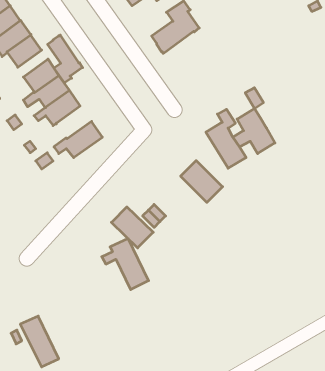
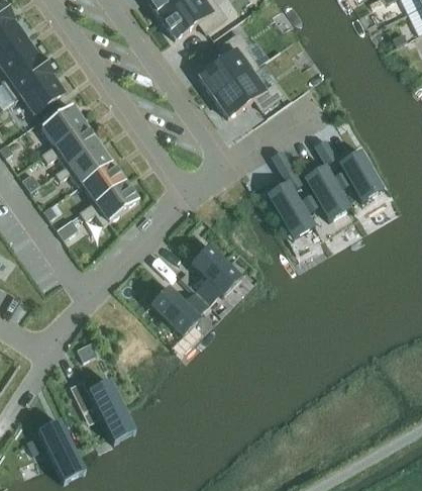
building: none -> [214,69,284,116]
building: [48,35,83,83] -> none
building: none -> [333,149,384,200]
building: none -> [83,161,126,201]
building: [181,161,223,202] -> [191,243,242,295]
building: [102,239,149,290] -> [77,380,134,443]

